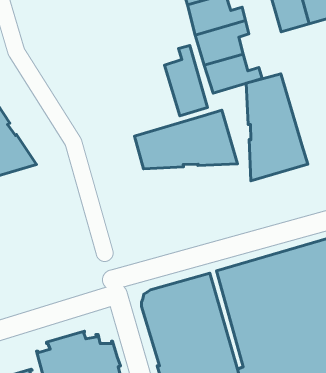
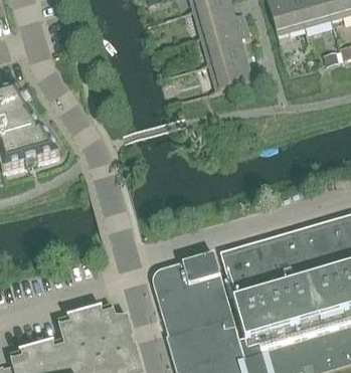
building: [165,45,208,116] -> none
building: [246,74,308,181] -> none
building: [134,110,238,169] -> none

